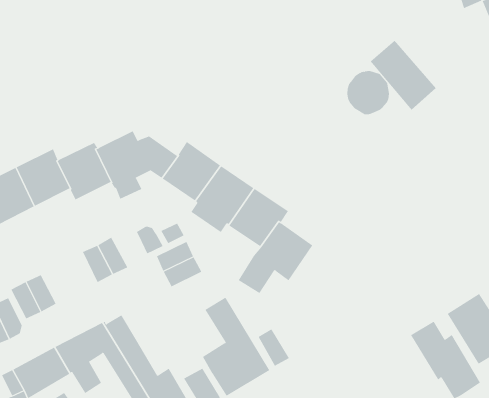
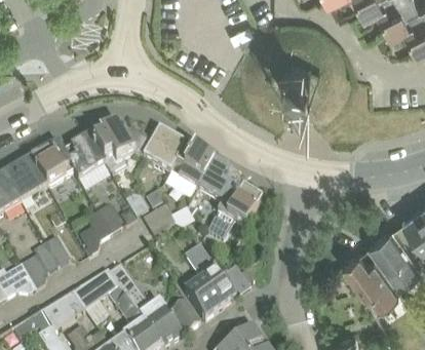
building: [370,40,437,111] -> none

